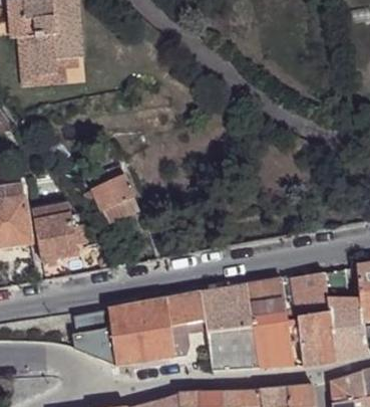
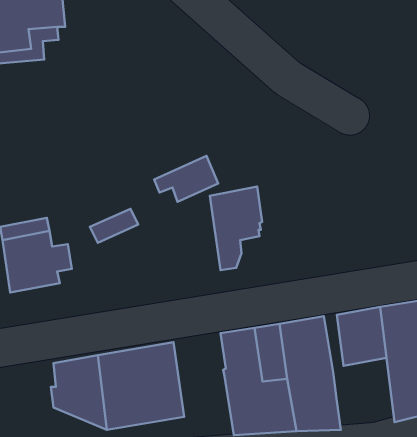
building: [84,175,133,210] -> [154,156,218,202]
building: [166,291,207,356] -> [210,187,262,270]
building: [289,311,336,365] -> none

